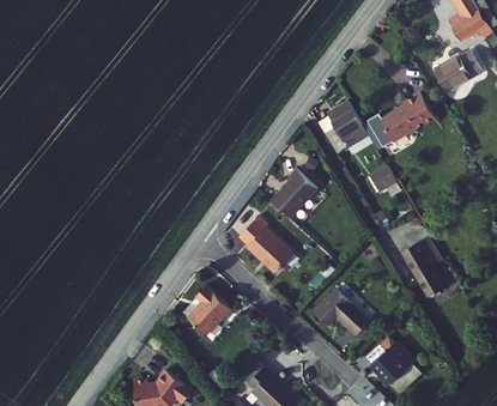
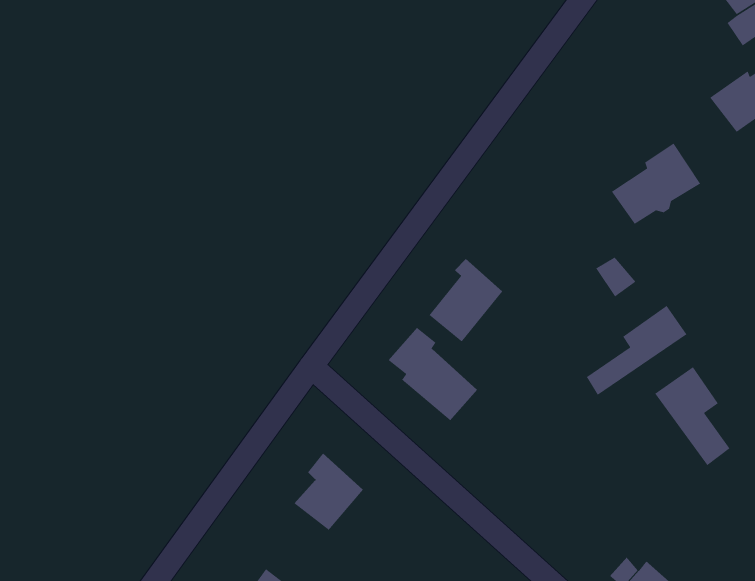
building: [325,107,365,158] -> none
building: none -> [586,305,688,396]
building: [316,289,374,335] -> none

